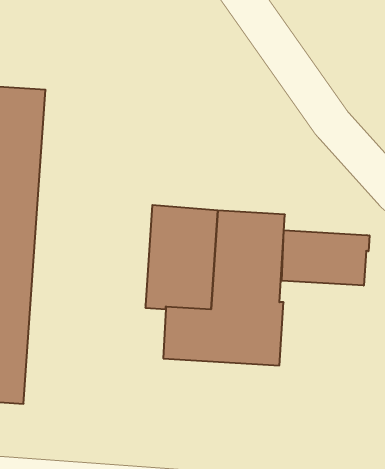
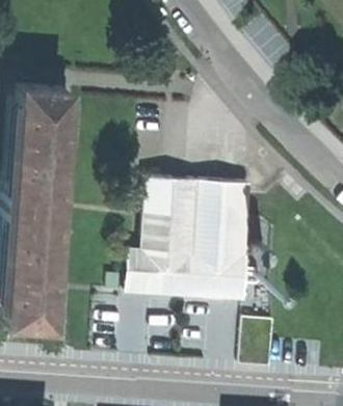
building: [282,230,369,286] -> none
building: none -> [124,251,157,293]

